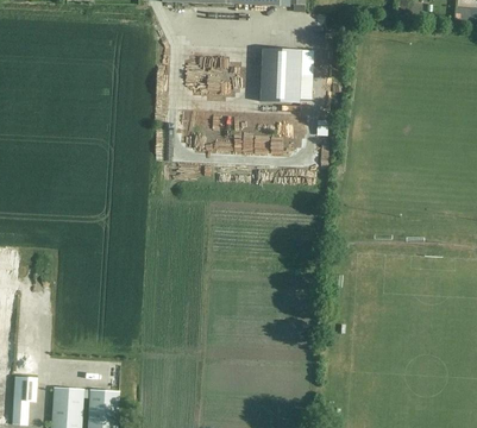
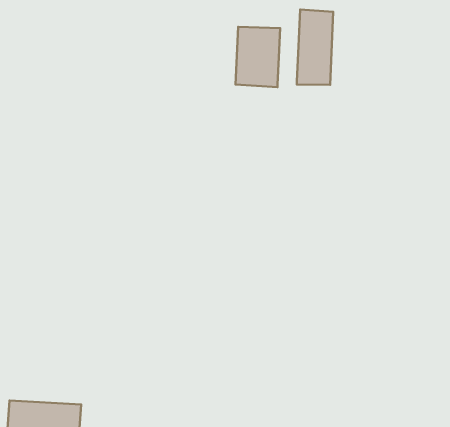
building: none -> [297,9,333,85]

